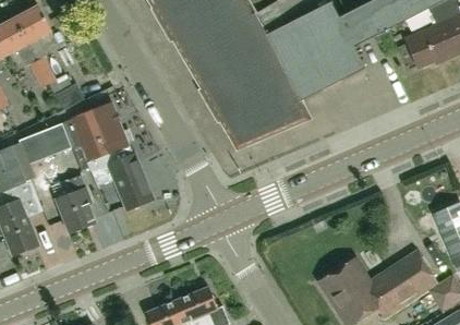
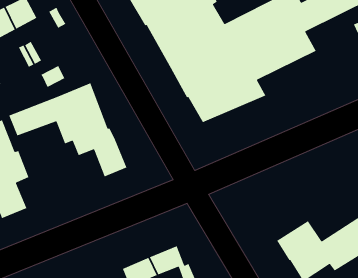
building: [55,174,95,232] -> none

